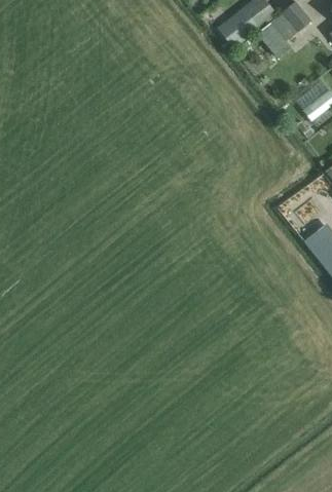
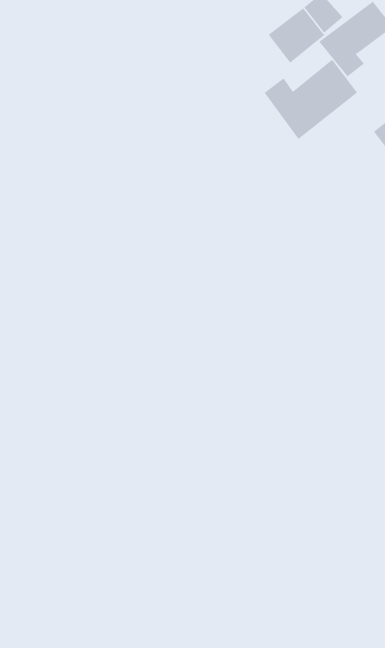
building: none -> [264,59,358,140]

